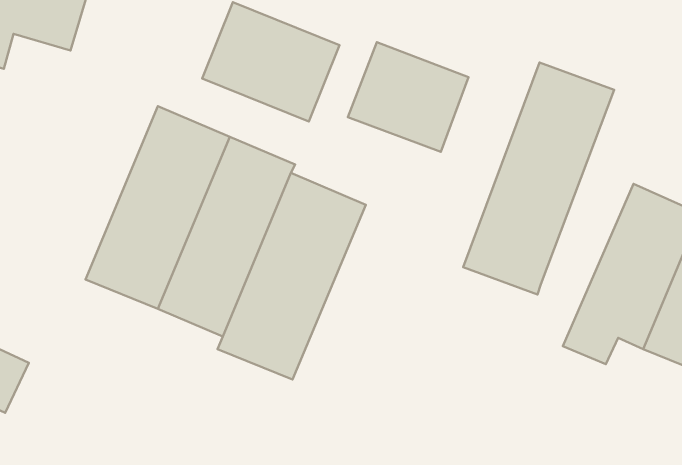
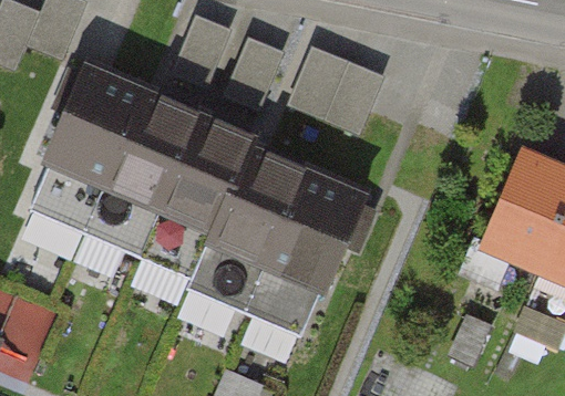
building: [463,62,614,295] -> none
building: none -> [27,71,141,232]
building: none -> [248,173,361,335]

